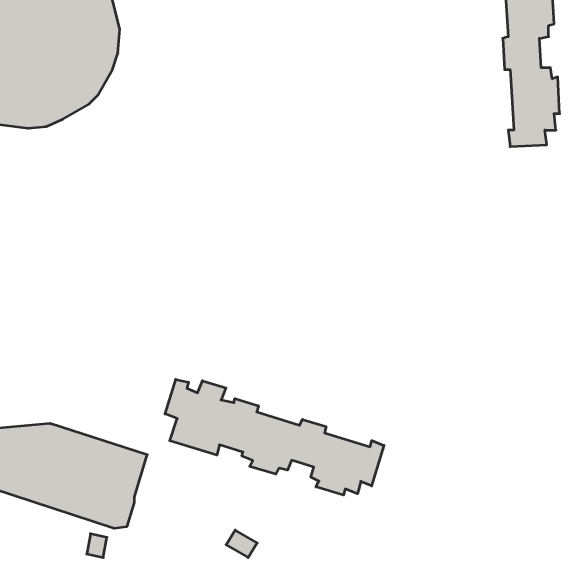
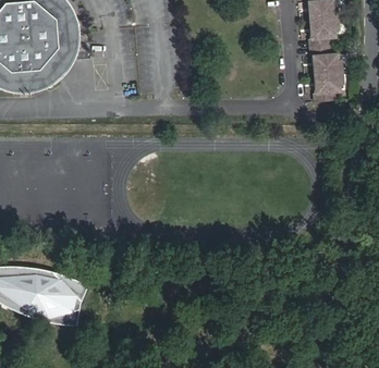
building: [165,379,384,495] -> none

